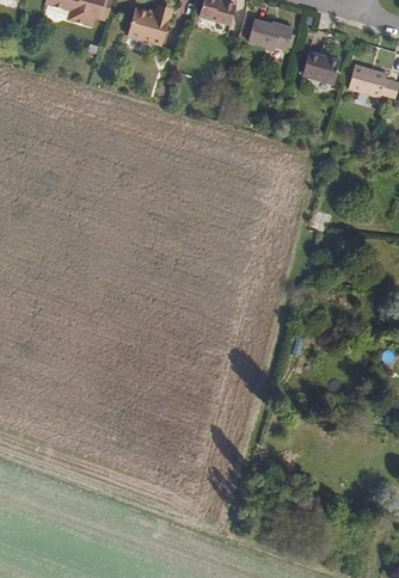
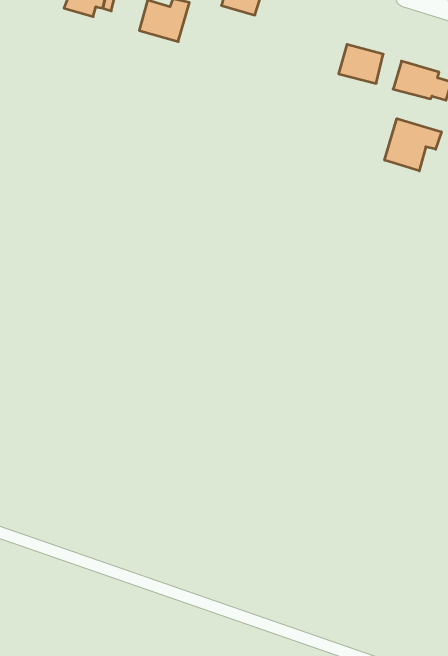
building: [251,24,294,53] -> none
building: none -> [385,119,441,171]

